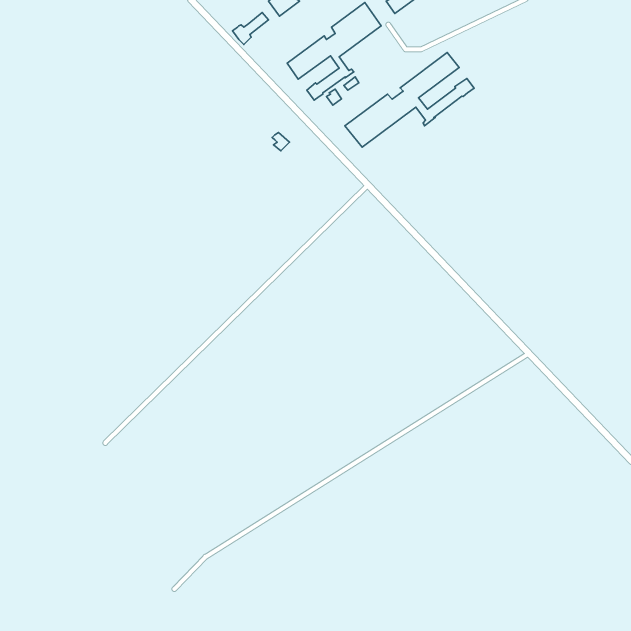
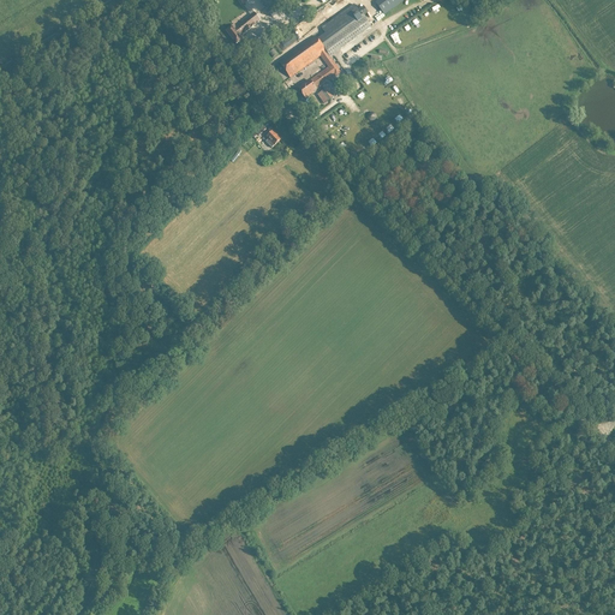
building: [345,53,474,147] -> none

